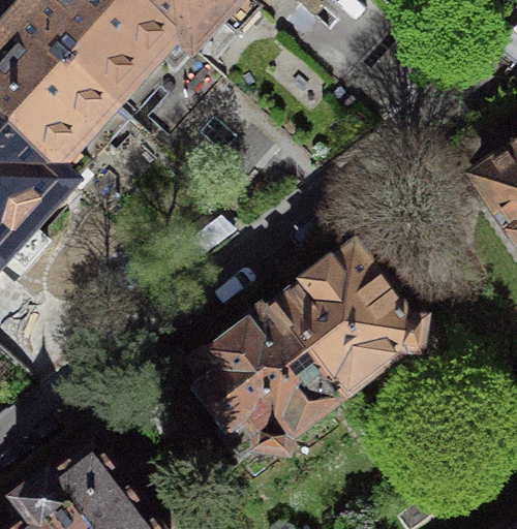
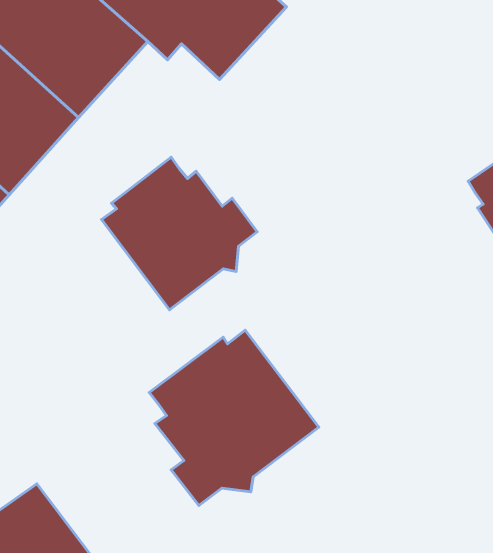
building: none -> [102,157,257,310]
building: [272,222,414,391] -> none

